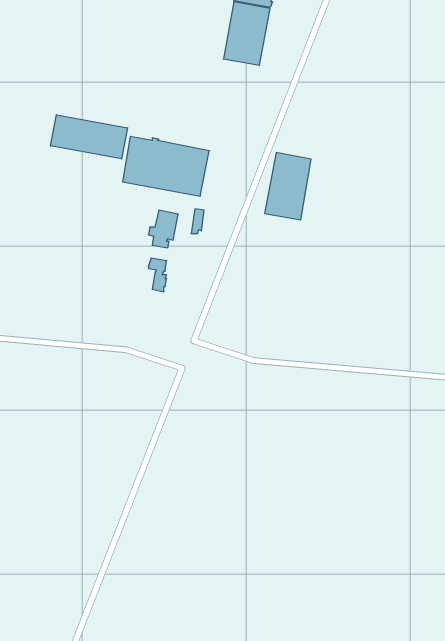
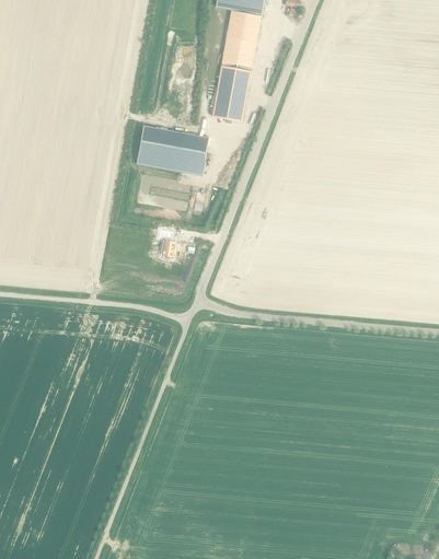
building: [51,115,128,159] -> none
building: [265,153,311,220] -> [211,62,251,119]

